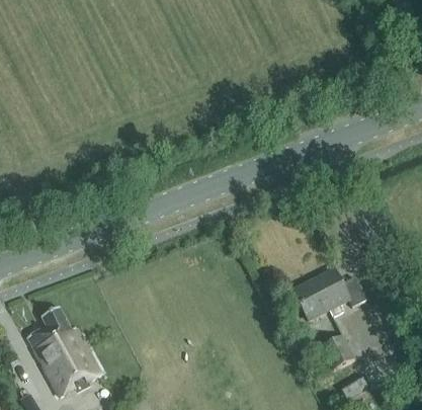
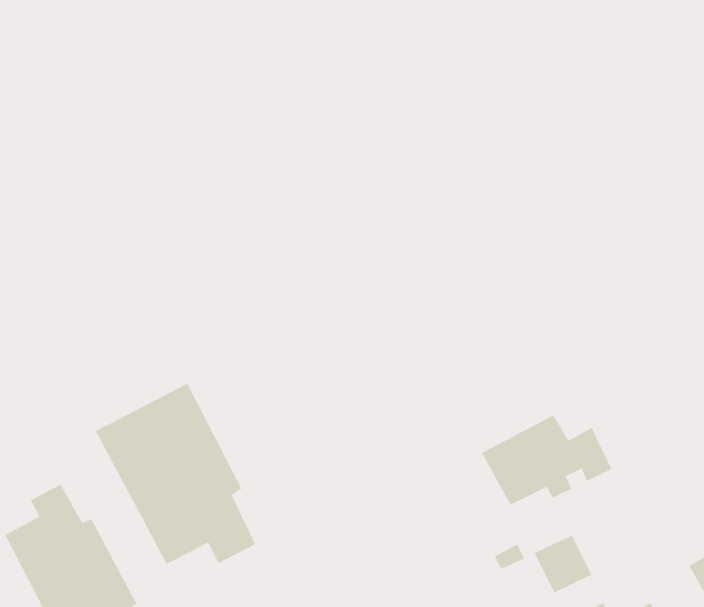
building: none -> [95,383,256,565]

